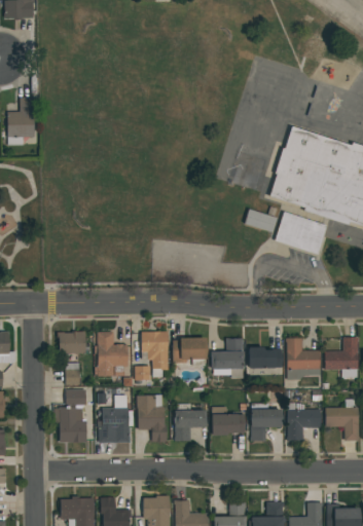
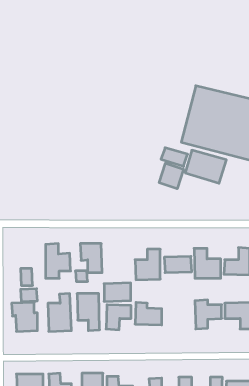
building: none -> [159,163,183,189]
building: [59,332,86,354] -> none
building: [173,338,207,362] -> [104,283,131,301]
building: [250,409,282,441] -> none

